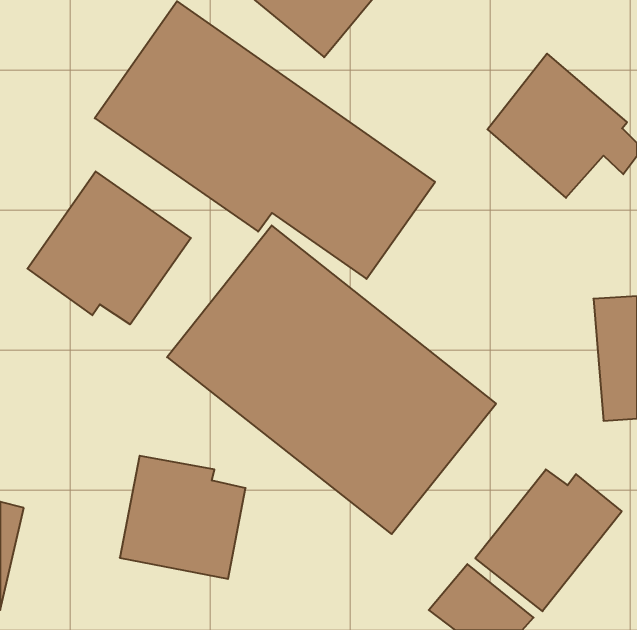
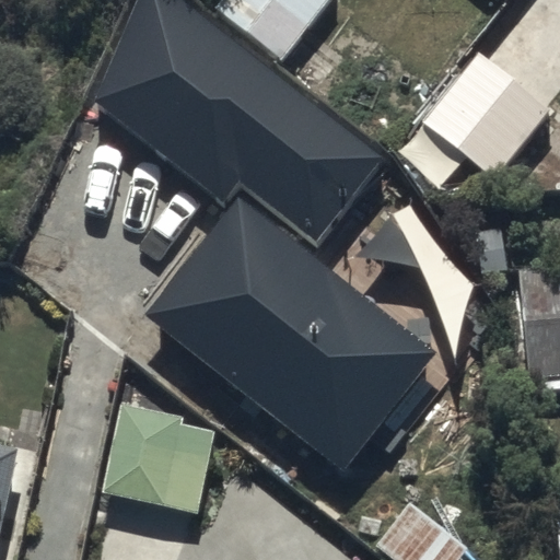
building: [27,171,191,324] -> none
building: [475,469,622,611] -> none

